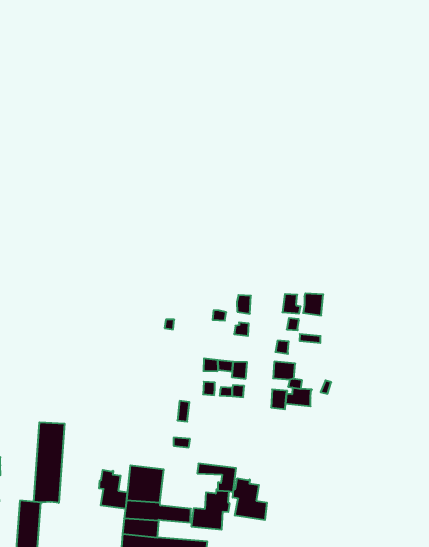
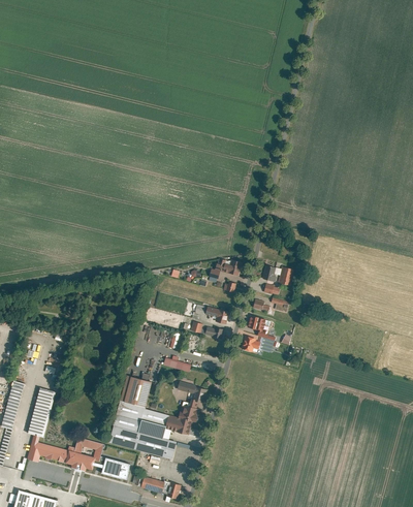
building: [34,422,65,503] -> none
building: [99,470,127,509] -> none
building: [233,478,267,520] -> none

